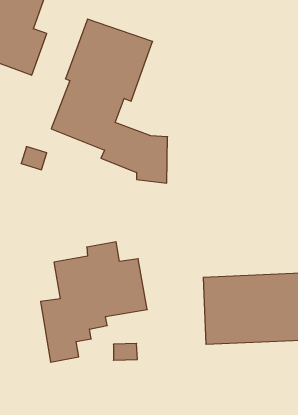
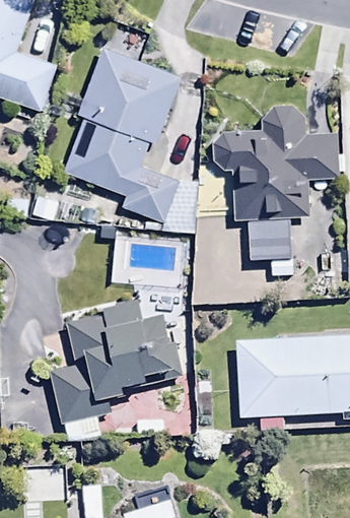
building: none -> [214,104,336,281]

